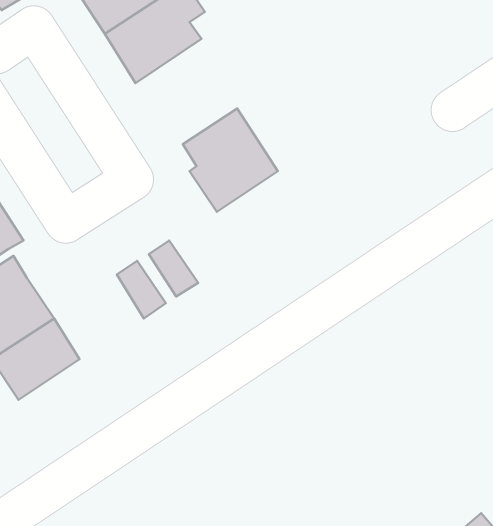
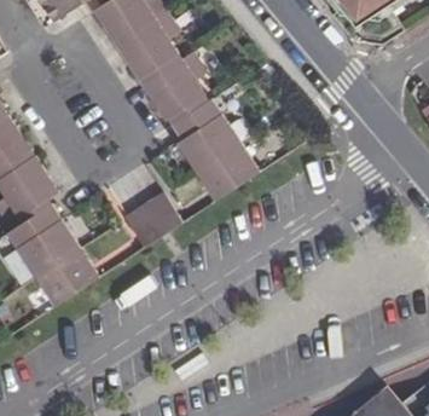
building: none -> [141,47,214,121]
building: none -> [196,143,259,201]

